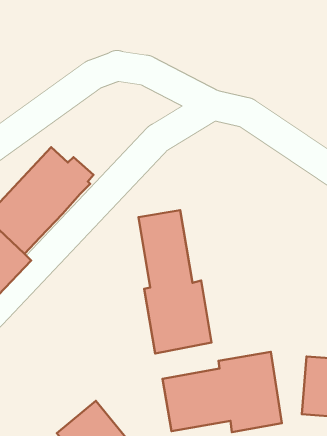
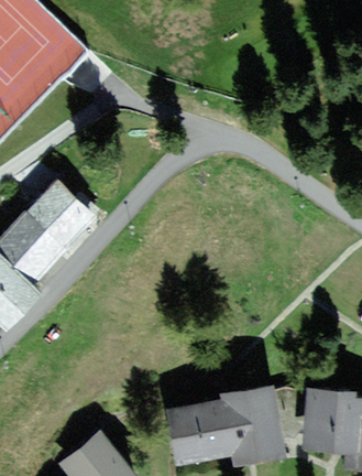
building: [139,210,211,353] -> none

